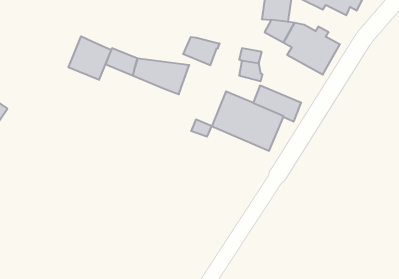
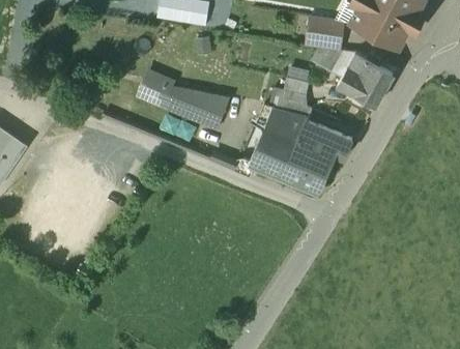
building: [68,36,111,80] -> none
building: [183,37,220,65] -> [268,108,309,139]

